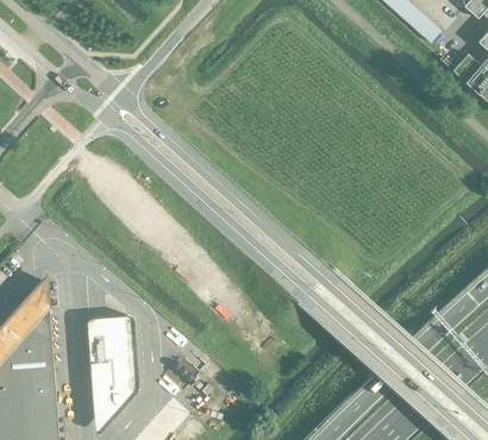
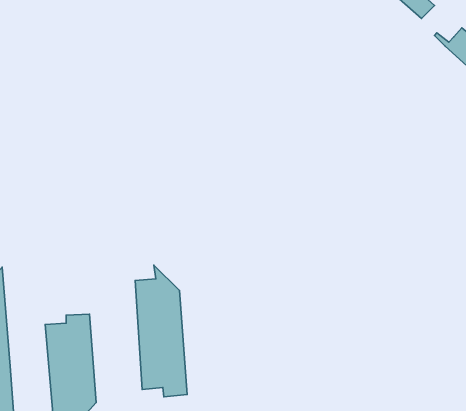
building: none -> [135,265,187,397]

